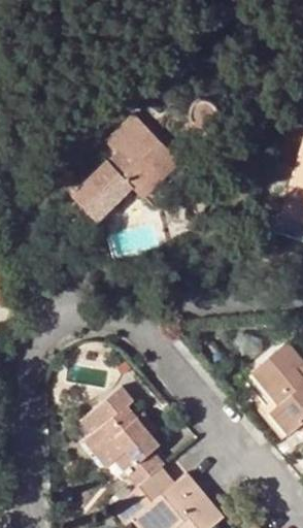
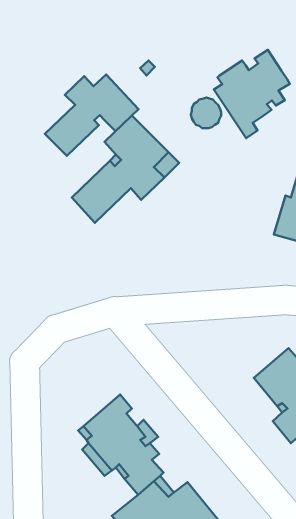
building: none -> [214,50,290,138]
building: none -> [45,74,138,156]

